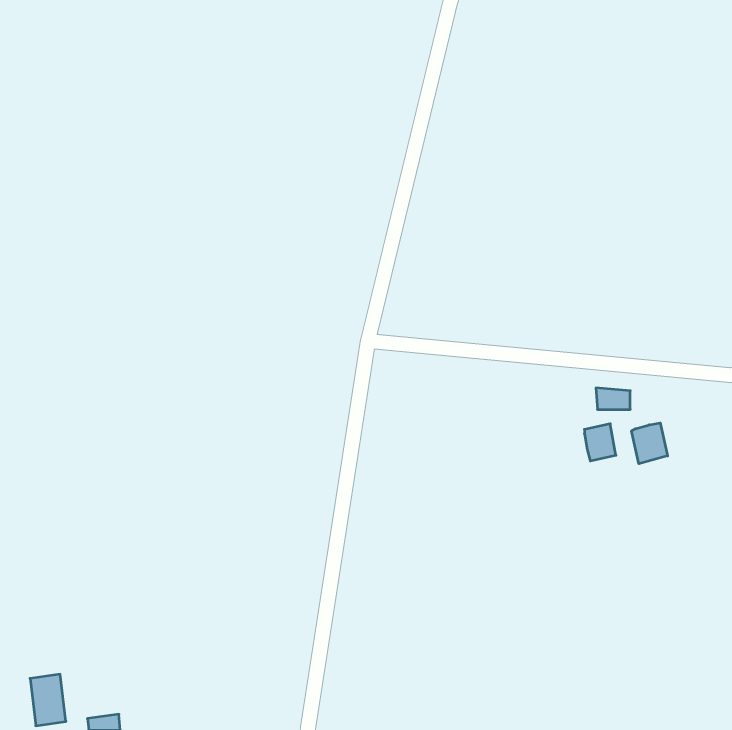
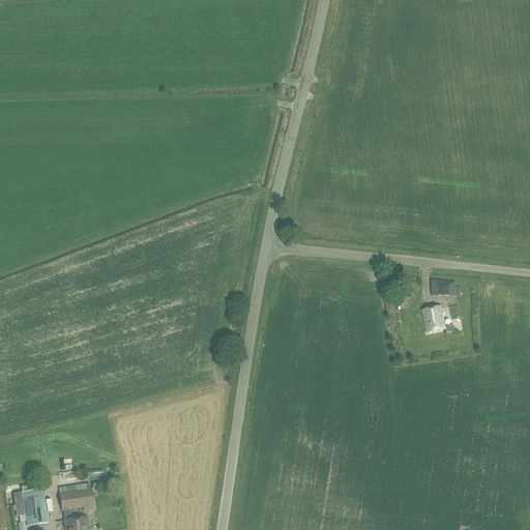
building: [632,423,668,464] -> none
building: none -> [58,482,92,510]

